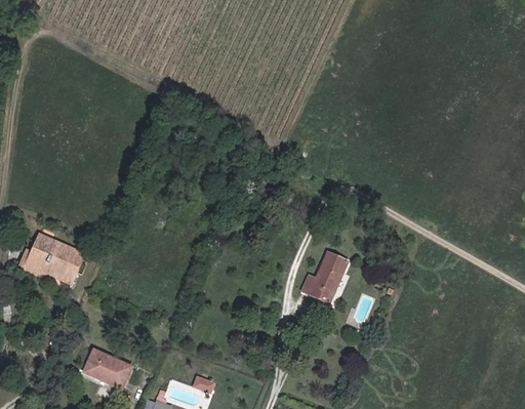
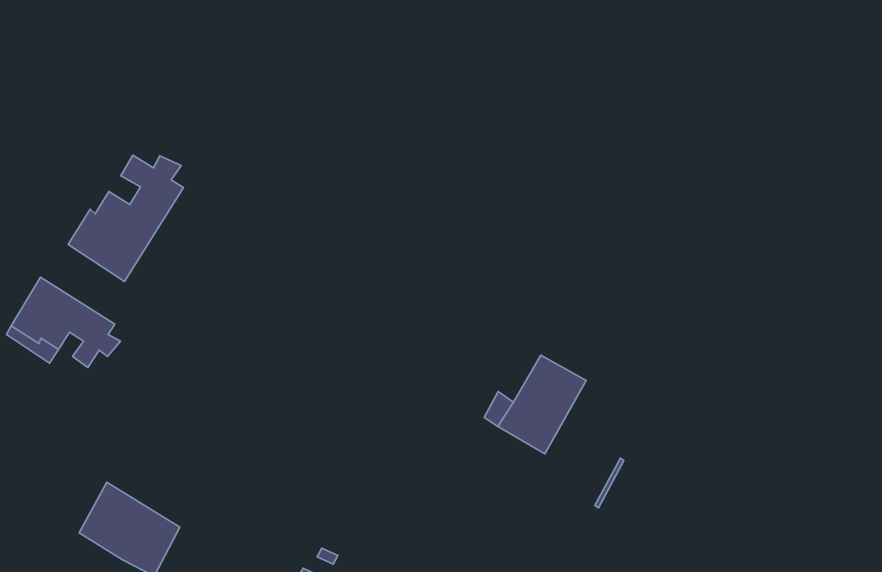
building: none -> [68,155,184,282]

